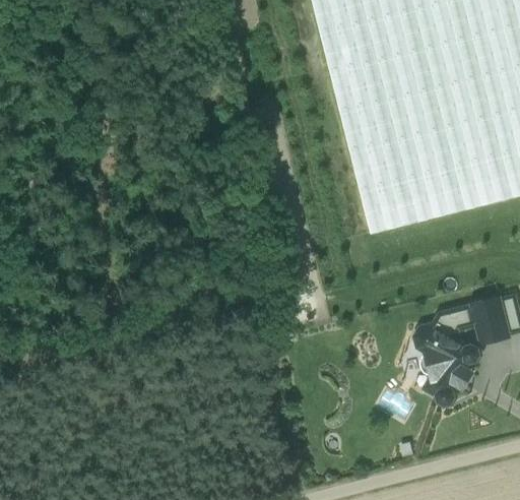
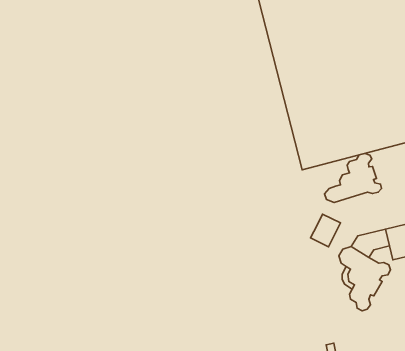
building: none -> [324,154,382,202]
building: none -> [311,214,341,247]

